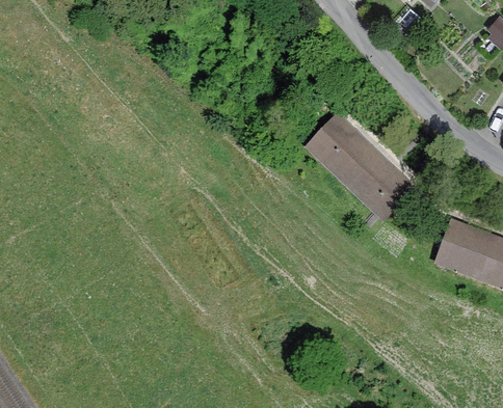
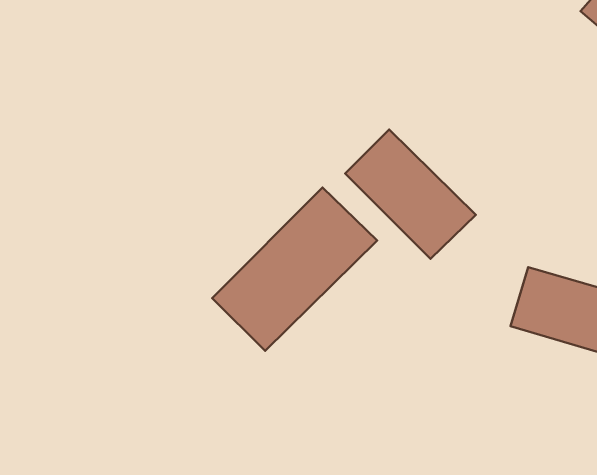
building: none -> [212,188,377,351]

